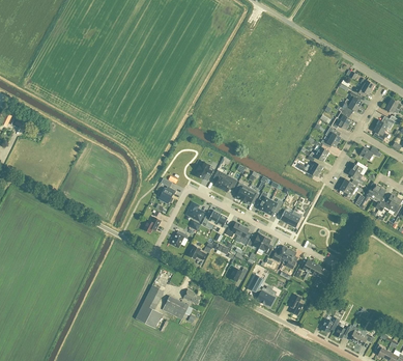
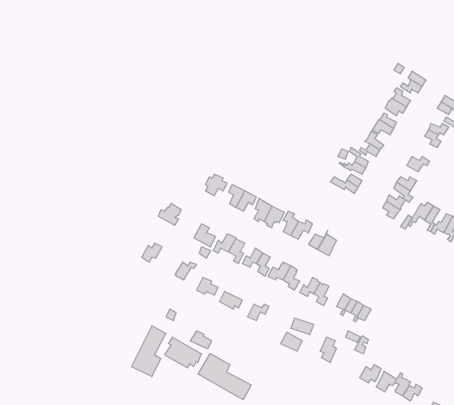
building: none -> [198,353,251,400]

